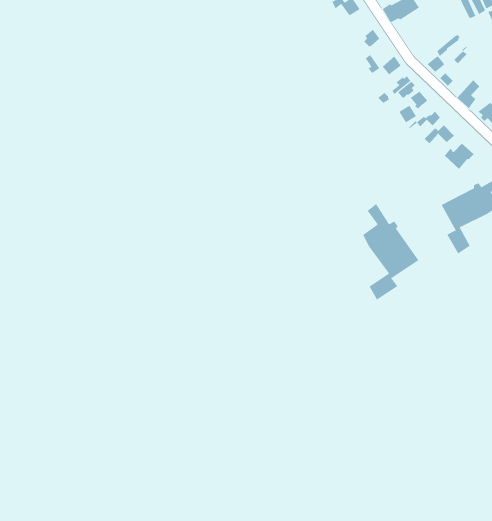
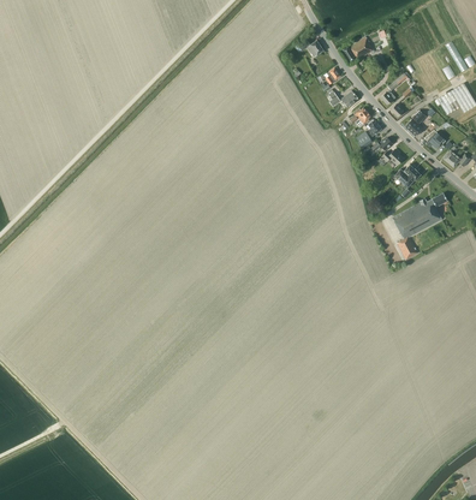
building: [362,203,419,300] -> none

